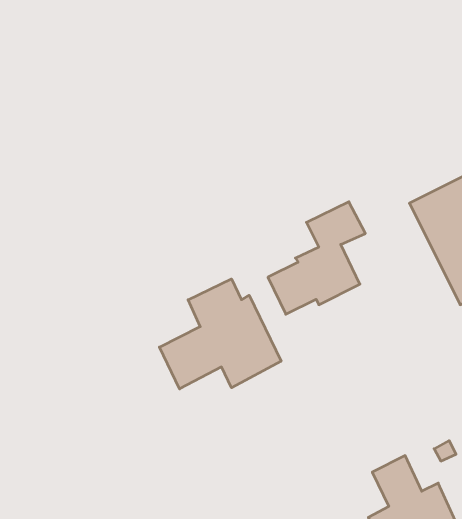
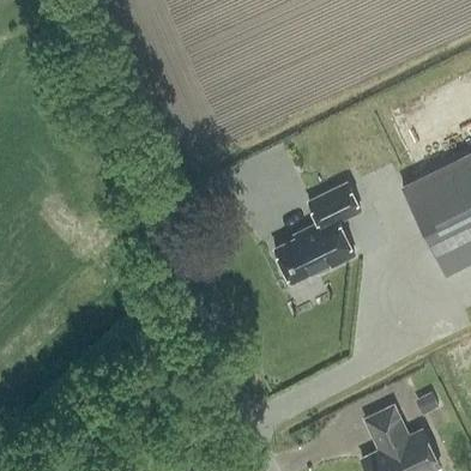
building: [159,279,281,389] -> none

